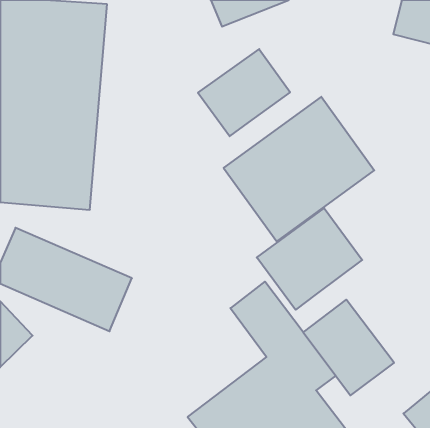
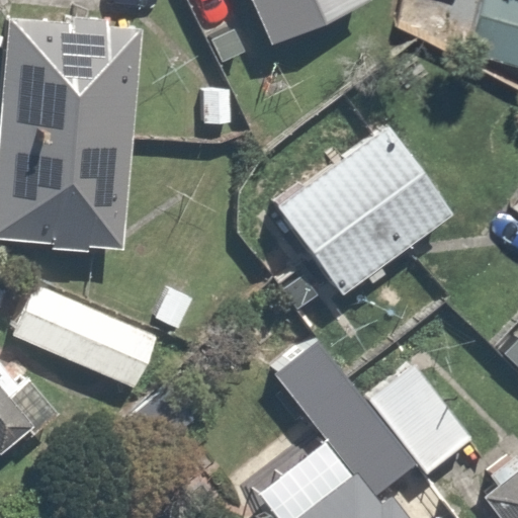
building: [198,49,290,136] -> none
building: [257,208,362,310] -> none

